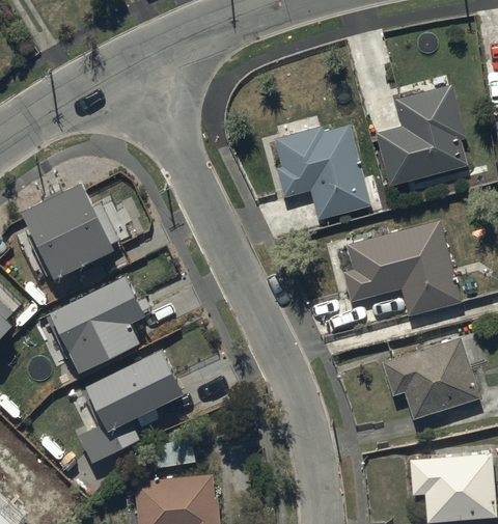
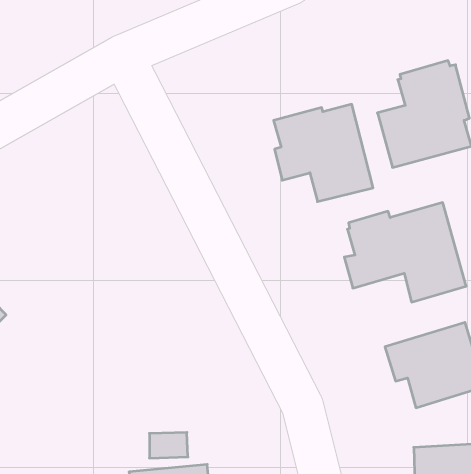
building: [22,185,116,282] -> none
building: [50,279,145,376] -> none
building: [79,353,184,468] -> none

